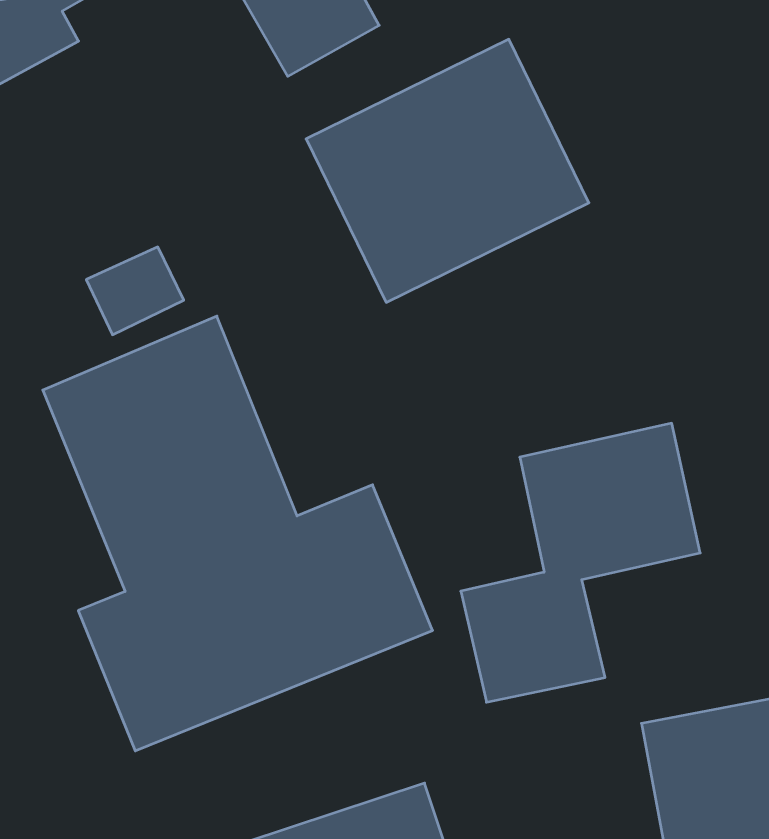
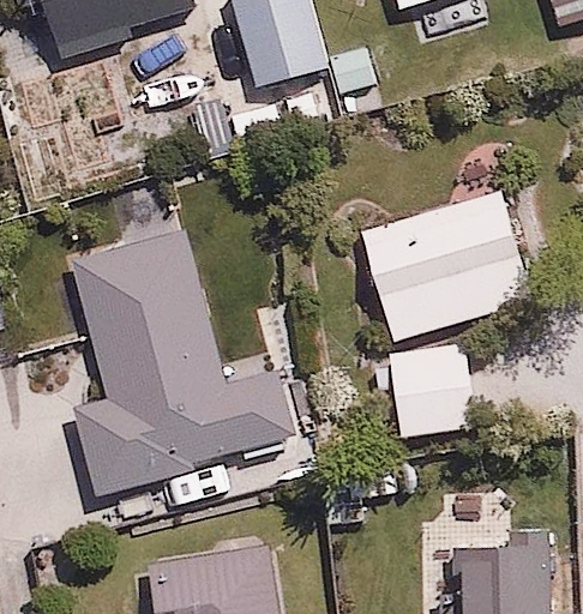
building: [306,39,589,302] -> [357,191,528,343]

